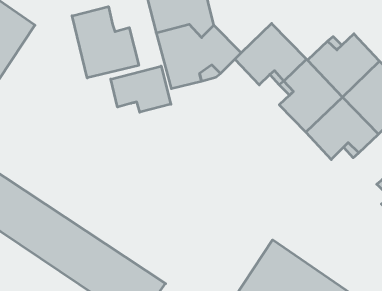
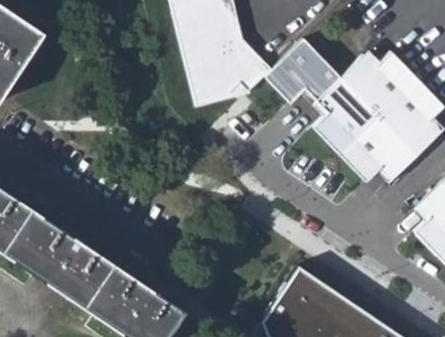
building: [72,7,139,78] -> none
building: [111,66,171,112] -> none

